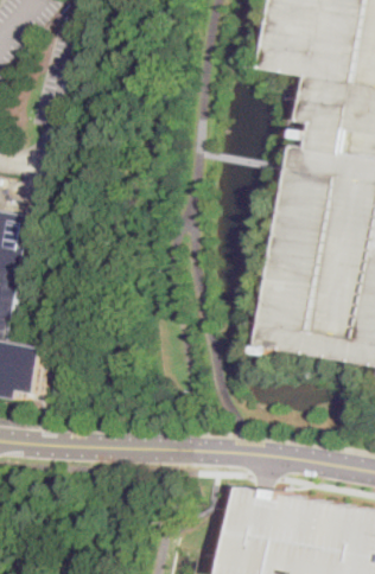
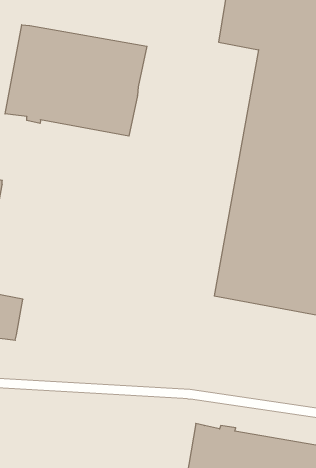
building: none -> [5,25,147,136]

